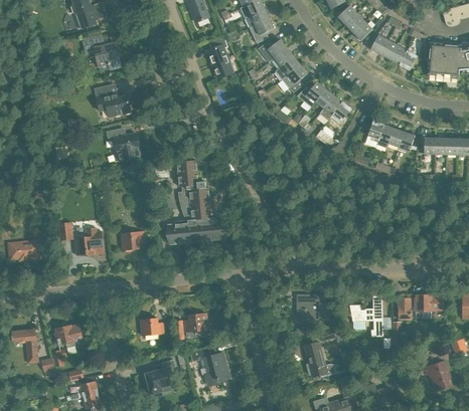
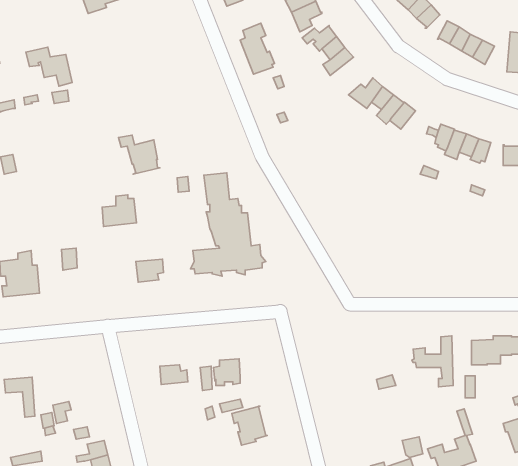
building: [83,37,121,69] -> [26,47,72,86]
building: [282,64,308,92] -> none
building: [95,84,131,117] -> none
building: [75,228,104,254] -> [102,195,136,227]
building: [297,294,330,321] -> none
building: [55,325,85,347] -> none
building: [304,342,337,377] -> none
building: [146,359,177,393] -> none

